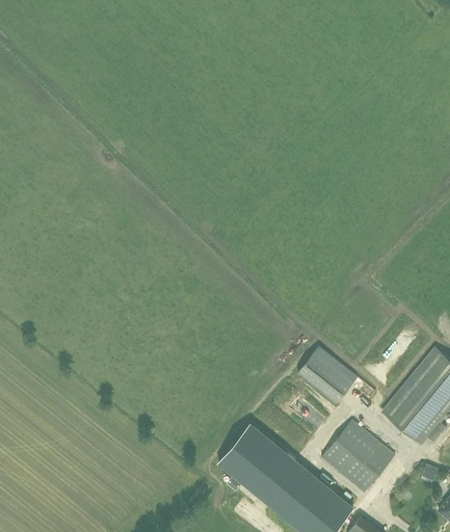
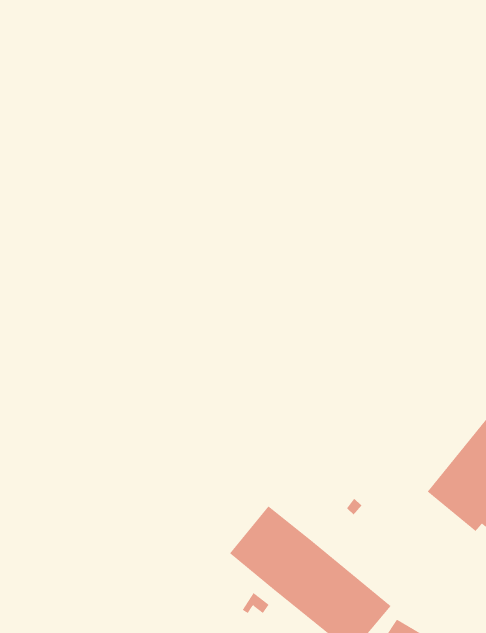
building: [296,346,356,404] -> none
building: [320,420,394,493] -> none

